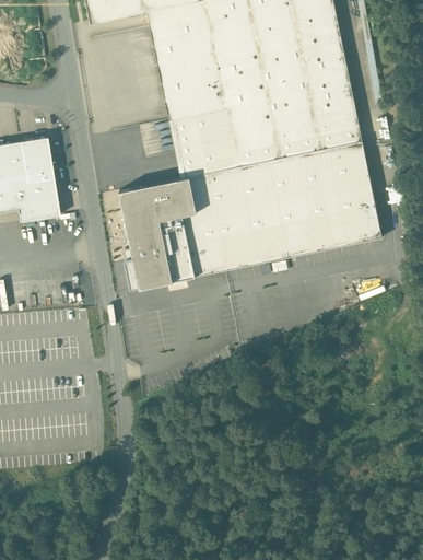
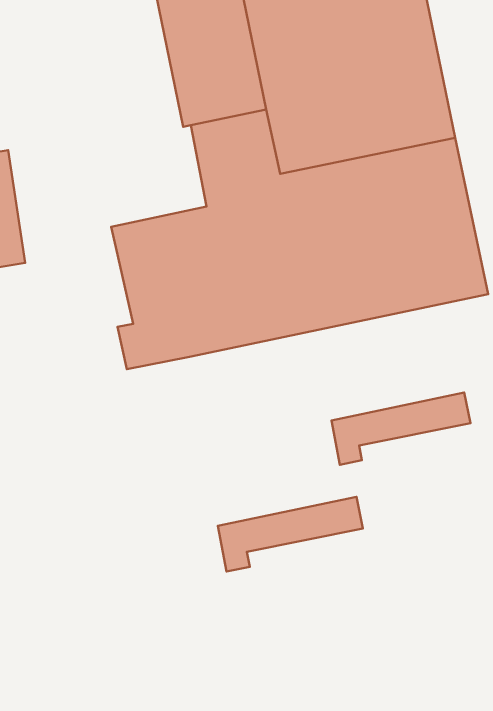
building: none -> [331,393,470,465]
building: none -> [218,497,363,572]

